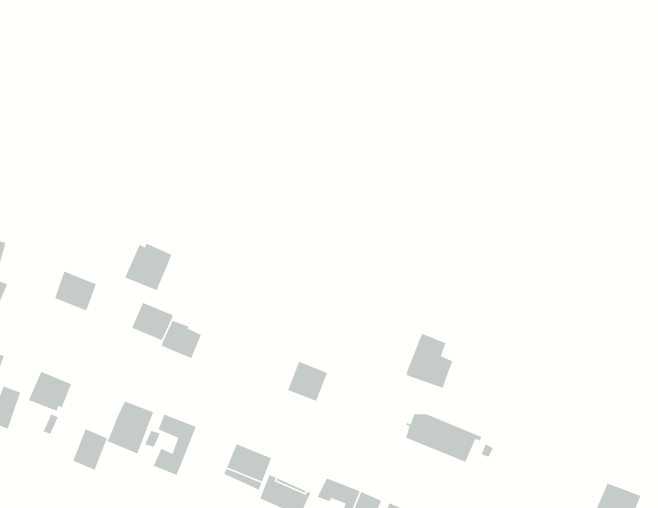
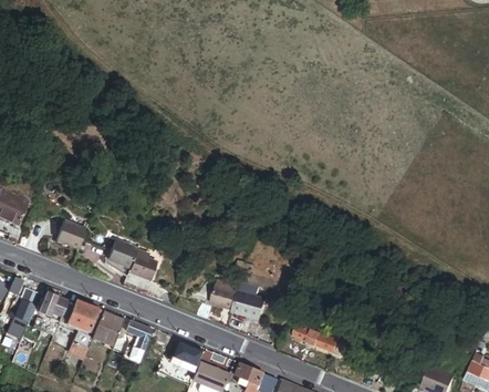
building: [124,243,173,291] -> none
building: [406,333,453,389] -> [231,287,263,324]
building: none -> [67,299,103,329]

